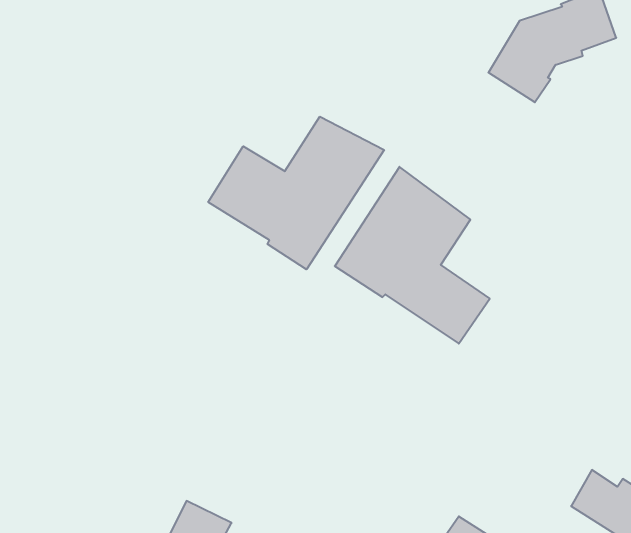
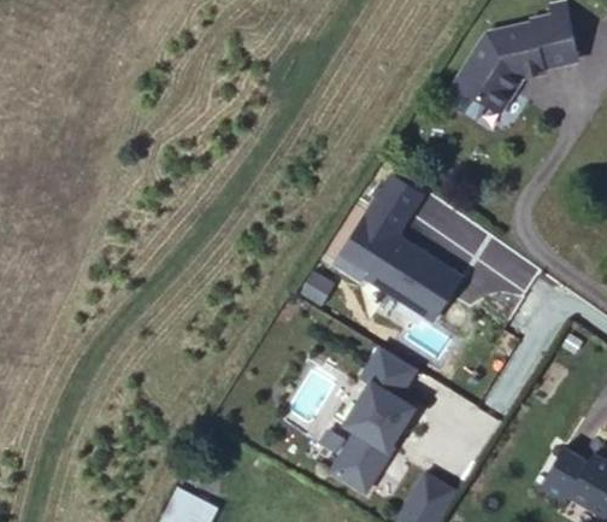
building: [208,117,384,269] -> none
building: none -> [331,354,419,498]

